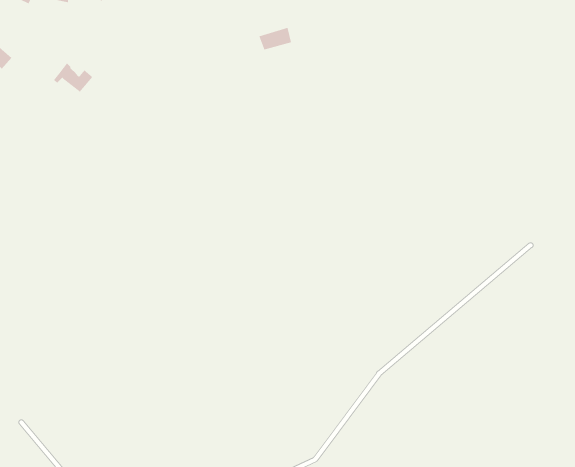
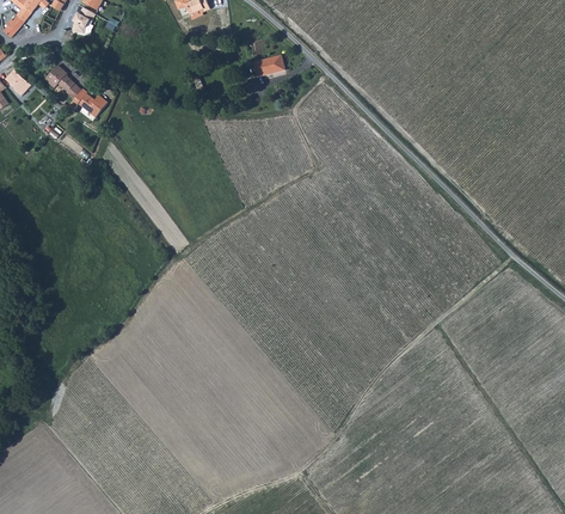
building: none -> [45,62,81,97]

